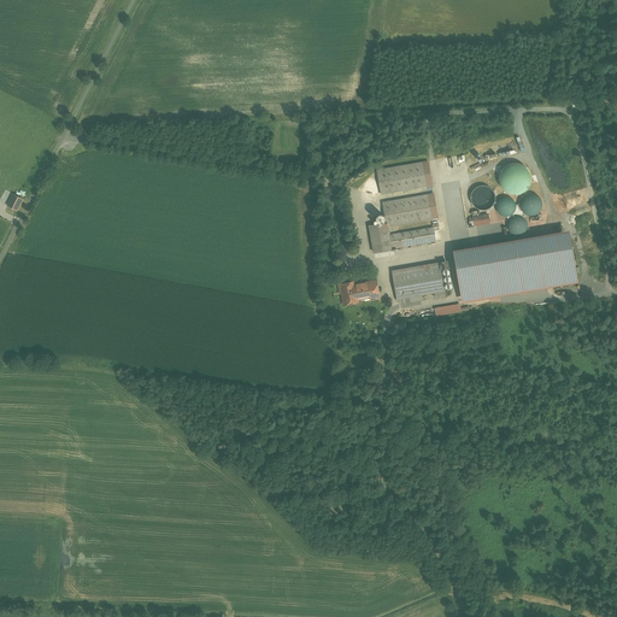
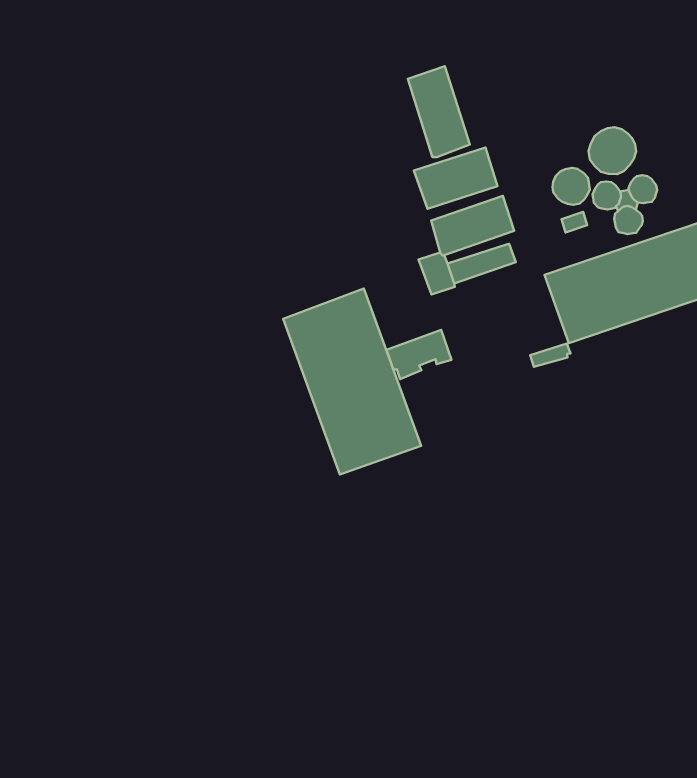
building: none -> [408,66,470,157]
building: none -> [283,289,421,475]
building: [390,262,443,299] -> none

